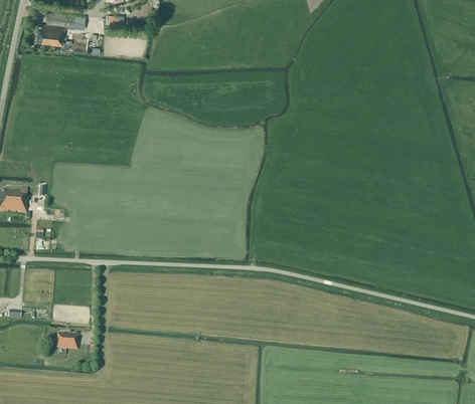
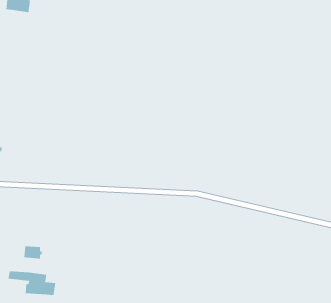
building: none -> [8,271,56,296]

